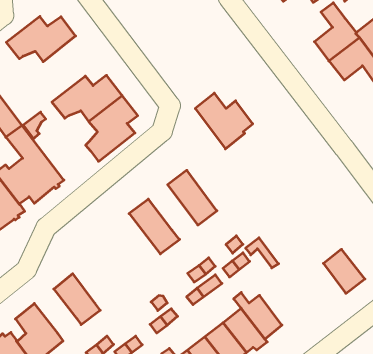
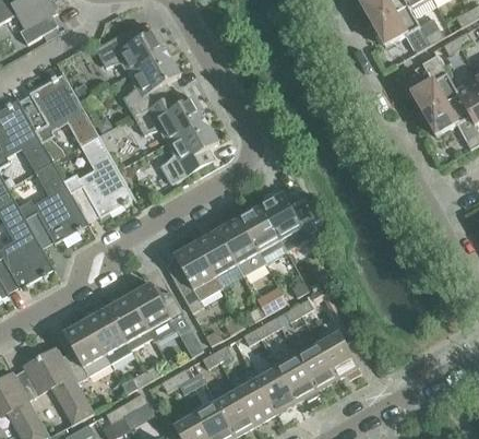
building: none -> [122,51,179,116]
building: [195,93,253,149] -> [261,192,318,251]
building: none -> [217,217,264,275]
building: none -> [172,241,221,312]
building: [323,249,365,293] -> [318,332,358,378]
building: none -> [129,283,190,341]
building: none -> [85,308,131,363]

